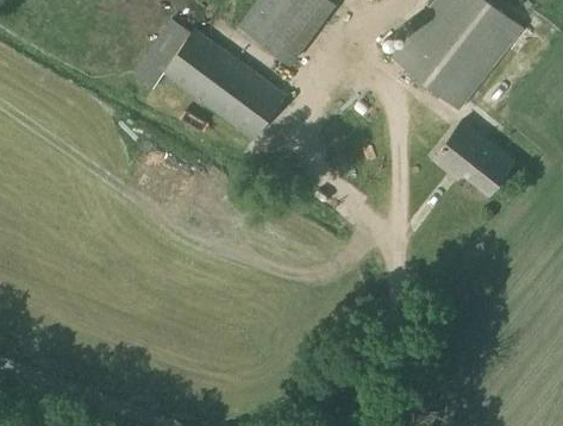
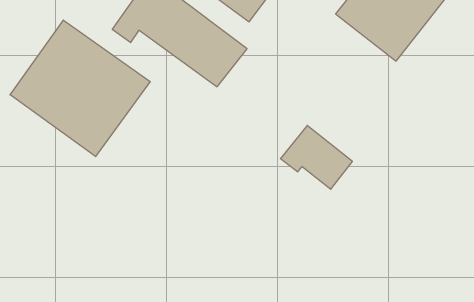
building: none -> [10,20,150,157]
building: [432,121,515,195] -> [280,125,352,189]

